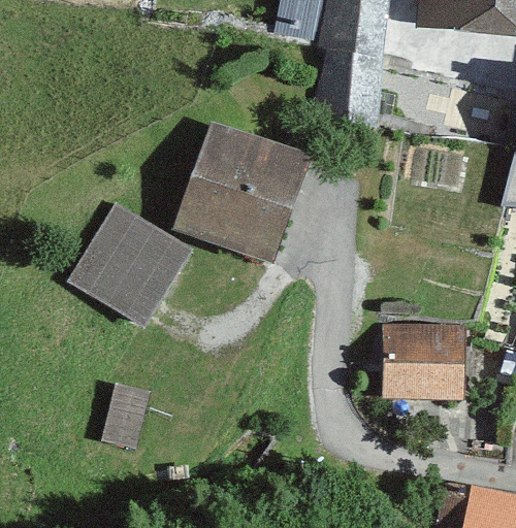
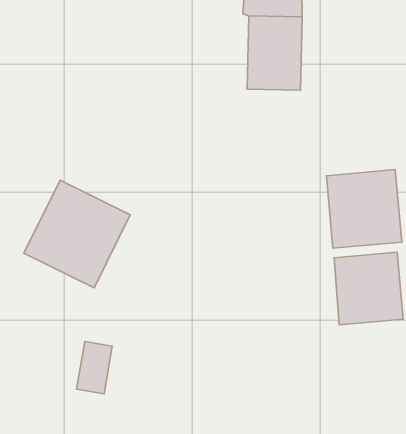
building: [175,114,314,259] -> none
building: none -> [326,170,402,248]

